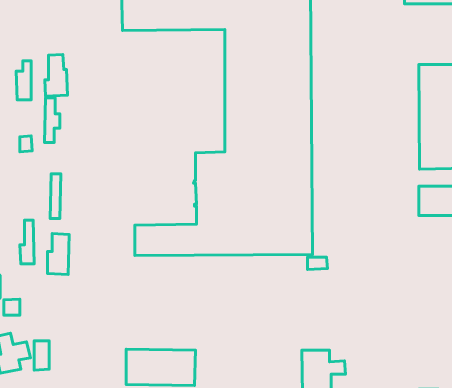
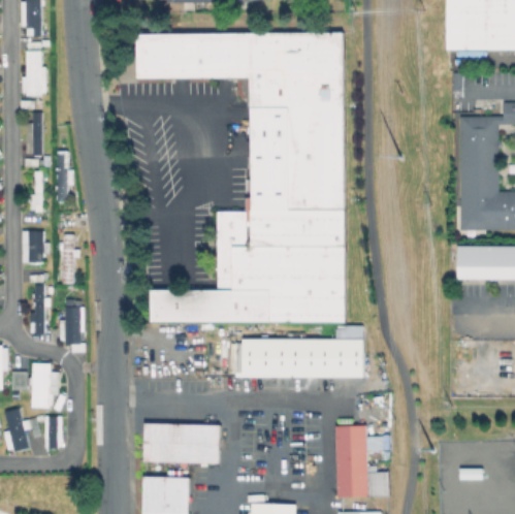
building: [45,54,67,96] -> [20,50,44,95]
building: none -> [21,230,42,262]
building: none -> [242,340,362,379]
building: none -> [29,362,57,407]

